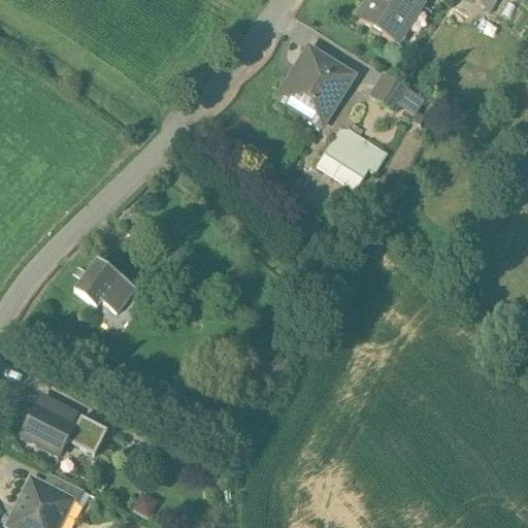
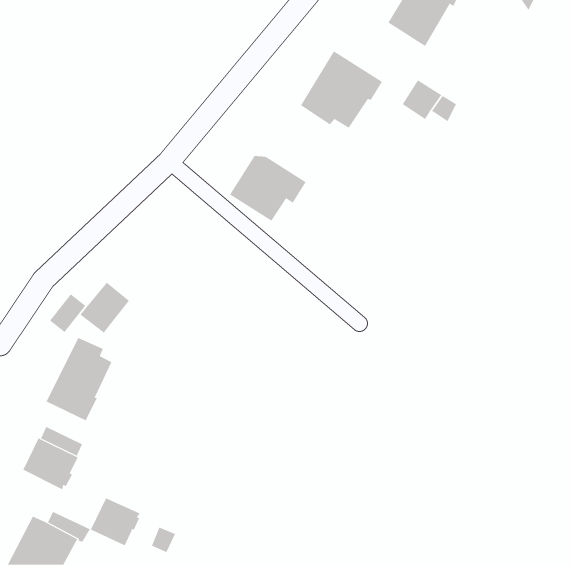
building: [317,127,388,188] -> [229,155,307,221]
building: [101,277,135,314] -> [49,294,86,333]
building: none -> [46,337,112,421]
building: none -> [90,497,140,546]

